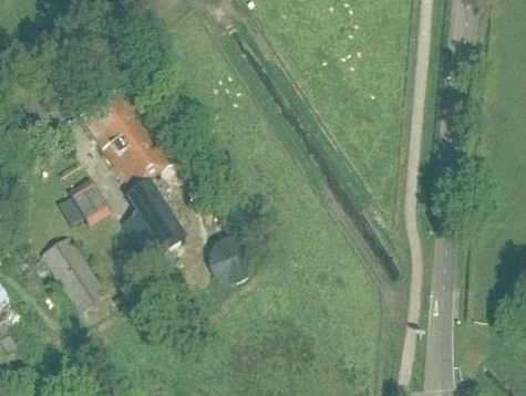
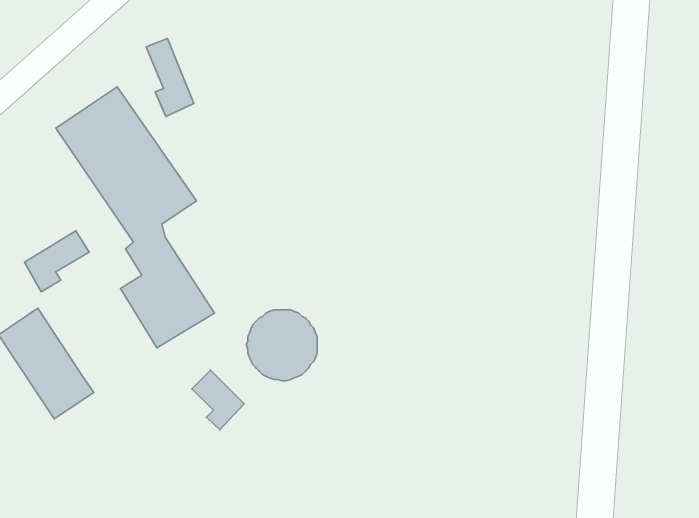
building: none -> [146,38,194,117]
building: none -> [192,370,244,430]

